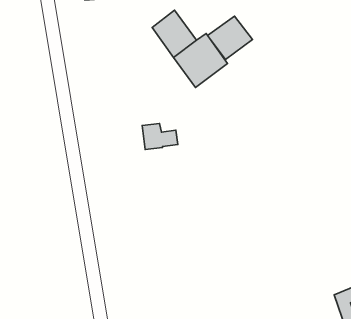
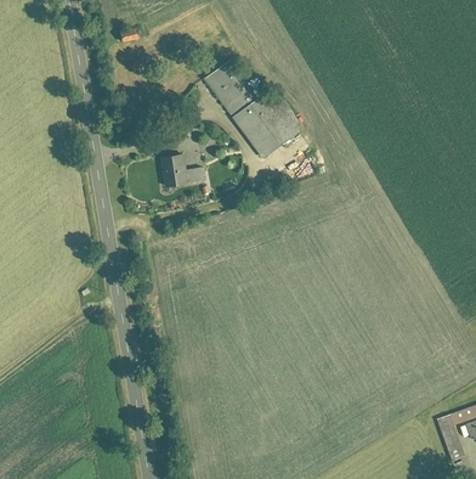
building: [208,16,253,59] -> none
building: [142,123,178,149] -> [160,156,205,188]

